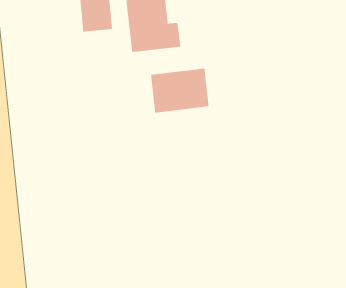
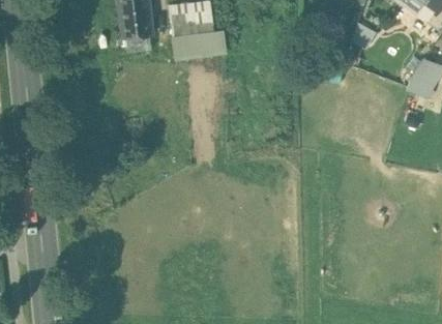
building: [151,68,209,113] -> none

